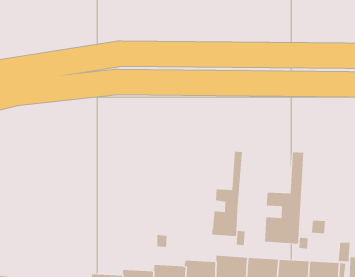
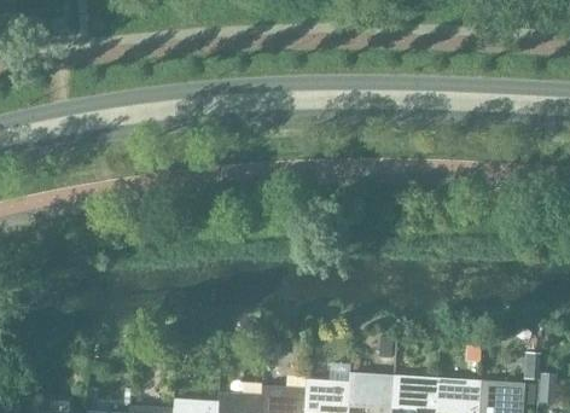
building: [212,151,242,237] -> none
building: [264,152,304,244] -> none

